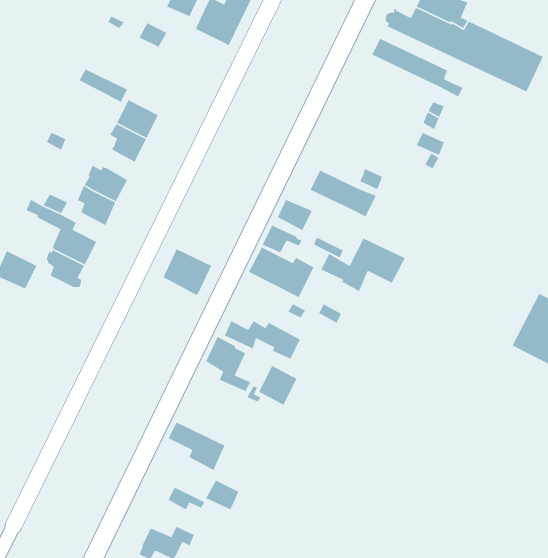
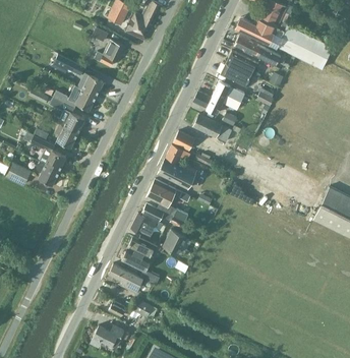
building: none -> [94,39,124,66]
building: none -> [220,50,257,87]
building: none -> [49,91,77,114]
building: [320,237,406,292] -> [192,81,243,114]
building: [163,248,212,296] -> [145,179,175,207]
building: none -> [120,237,159,284]

